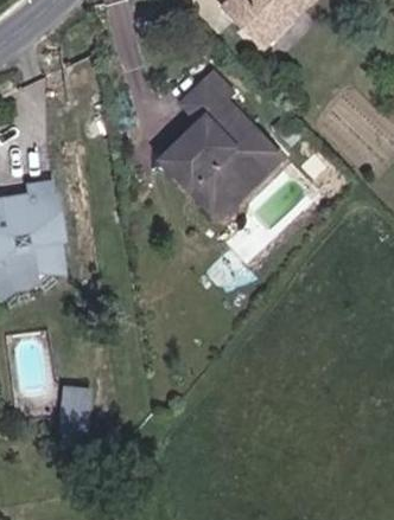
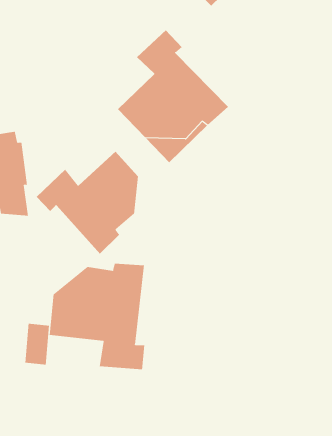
building: none -> [36,151,139,254]
building: none -> [49,263,145,370]

